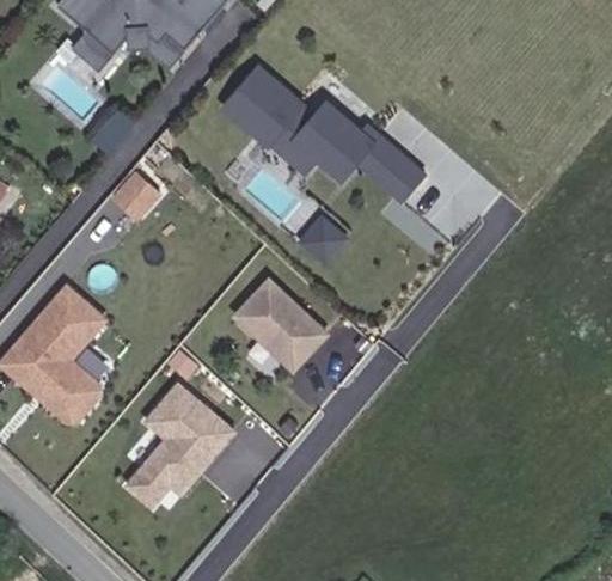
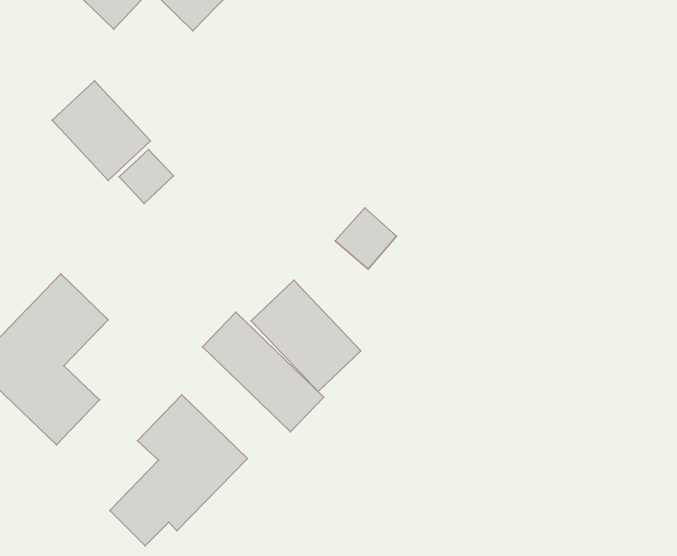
building: [222,65,427,203] -> none
building: none -> [52,81,151,180]
building: none -> [202,312,324,432]

